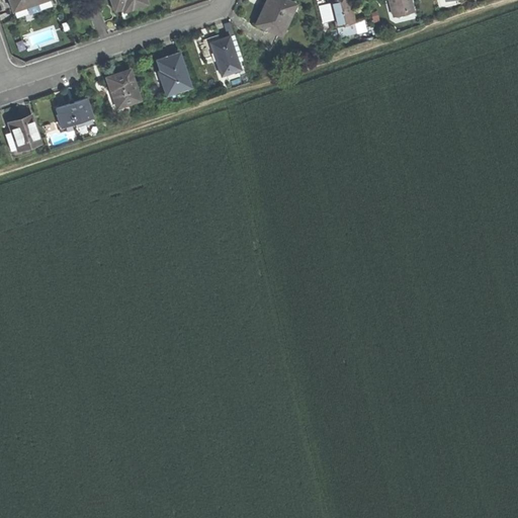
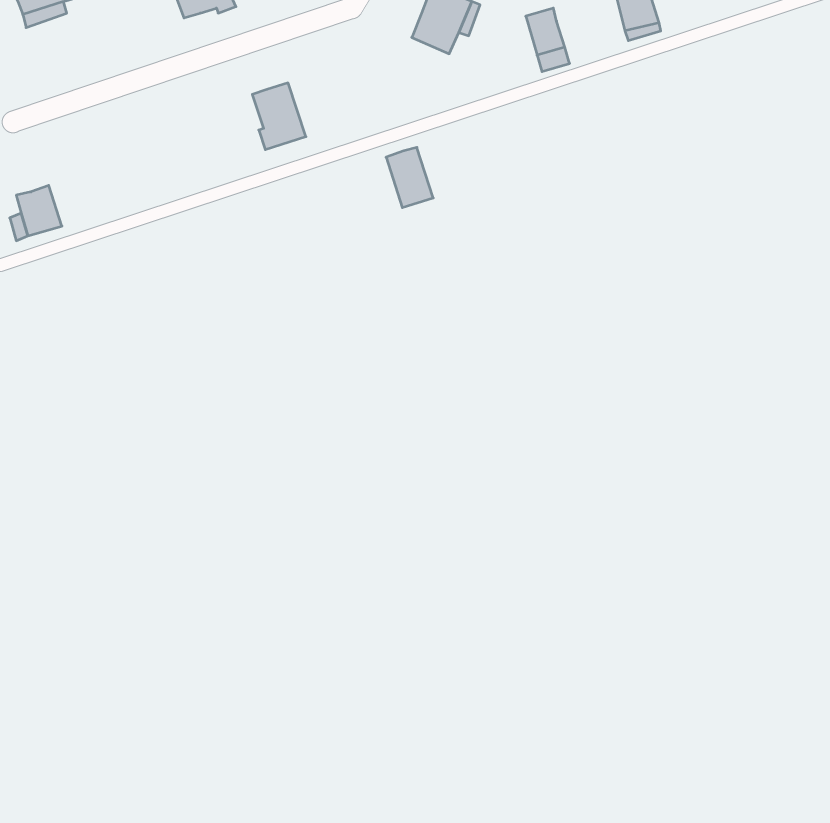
building: [211,37,241,75] -> [386,147,433,208]
building: [108,69,141,106] -> none
building: [57,97,92,126] -> none

